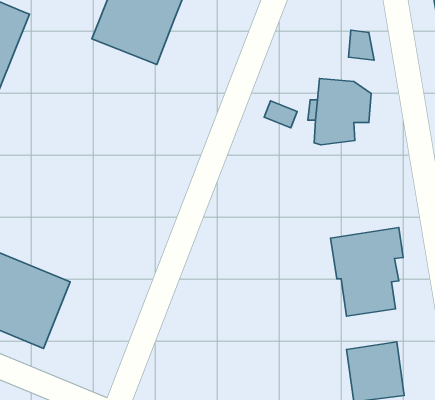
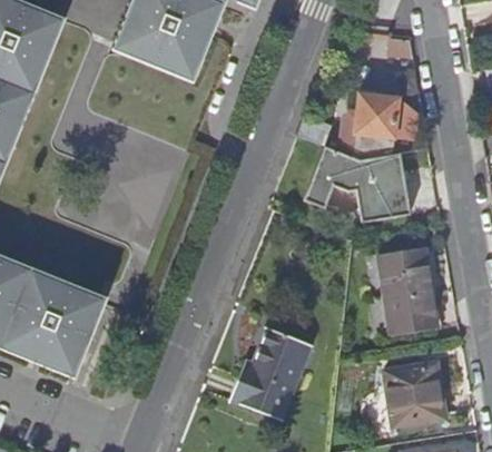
building: none -> [303,148,411,226]
building: none -> [225,326,309,419]

